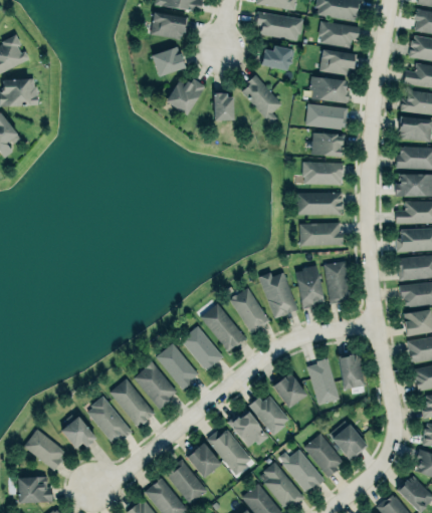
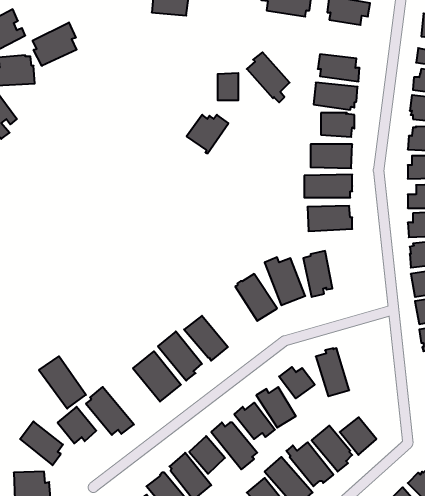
building: none -> [33,22,77,66]
building: [260,46,293,71] -> none
building: [151,47,184,77] -> none
building: [319,48,356,74] -> none
building: [165,78,205,115] -> [187,115,228,153]
building: [326,263,348,303] -> none
building: [201,303,244,353] -> none
building: [338,353,365,389] -> none
building: [109,378,154,429] -> [39,356,86,409]

